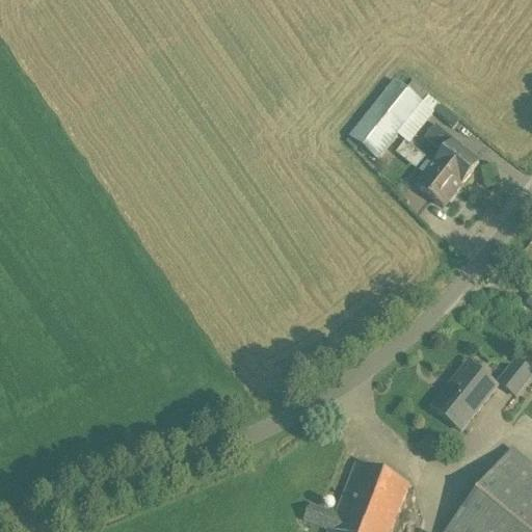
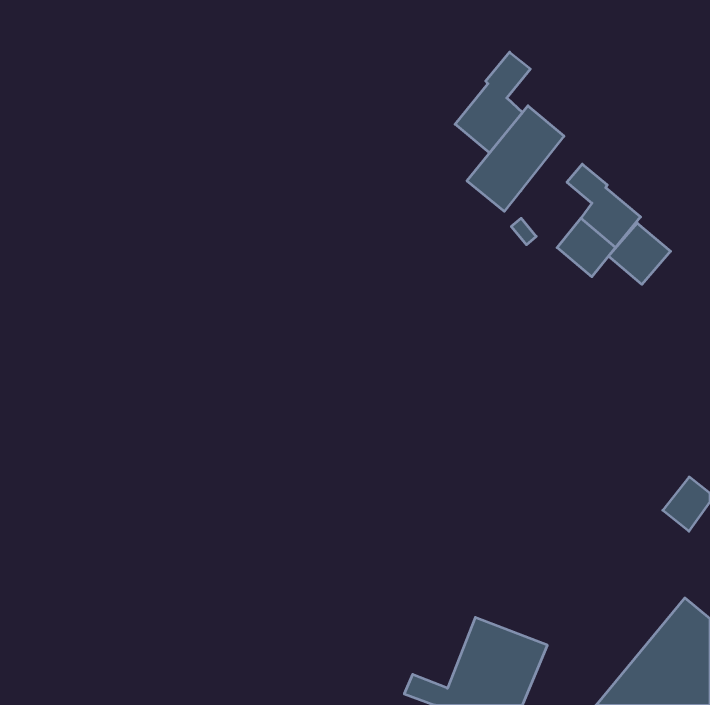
building: none -> [455,52,530,153]
building: none -> [608,223,671,284]
building: [432,362,497,425] -> none

